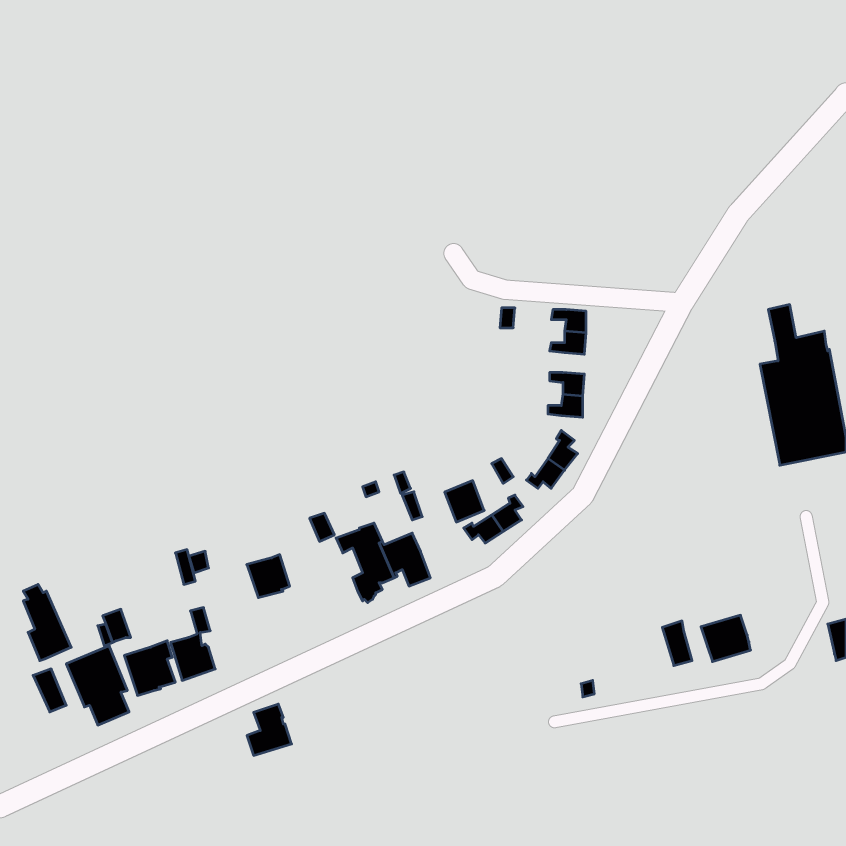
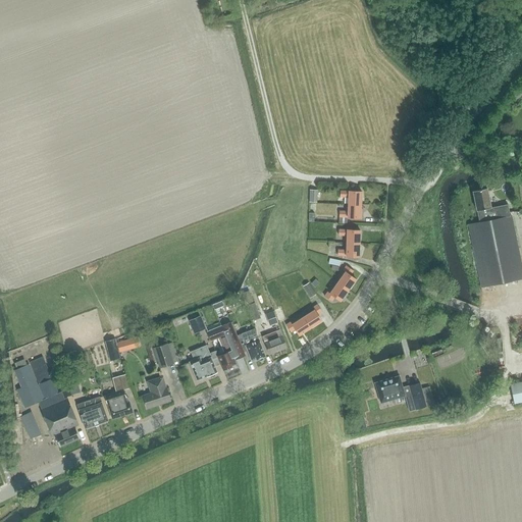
building: [445,481,484,522] -> [262,329,286,355]
building: none -> [189,345,220,380]
building: none -> [29,356,58,399]
building: [701,615,751,662] -> [374,375,405,404]
building: [247,704,292,755] -> [143,376,170,408]

